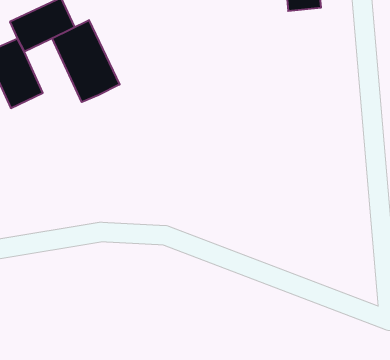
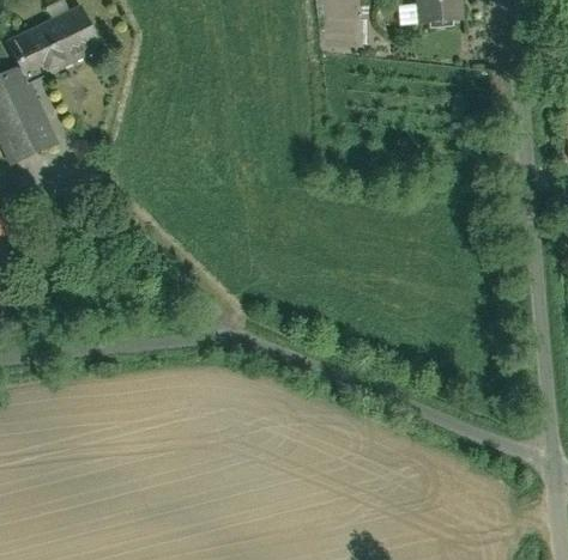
building: [52,20,120,102] -> none

